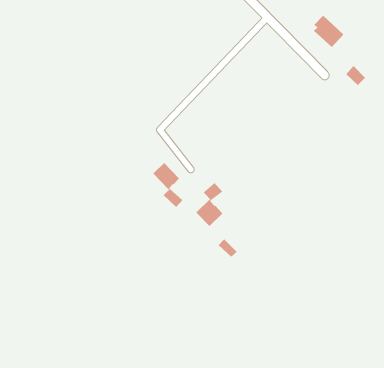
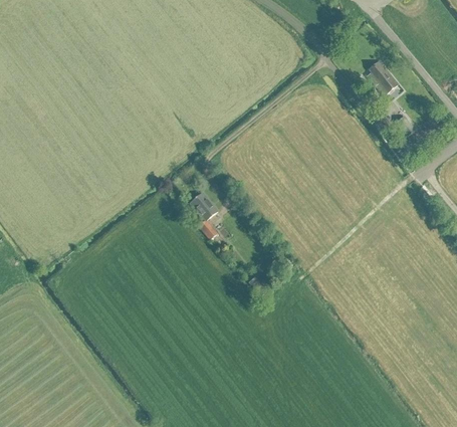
building: [195,182,223,227] -> none

